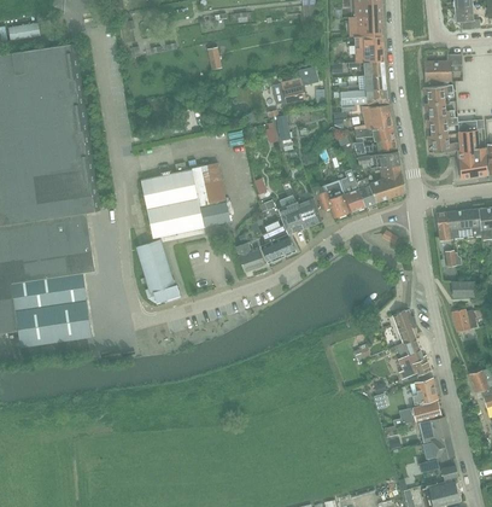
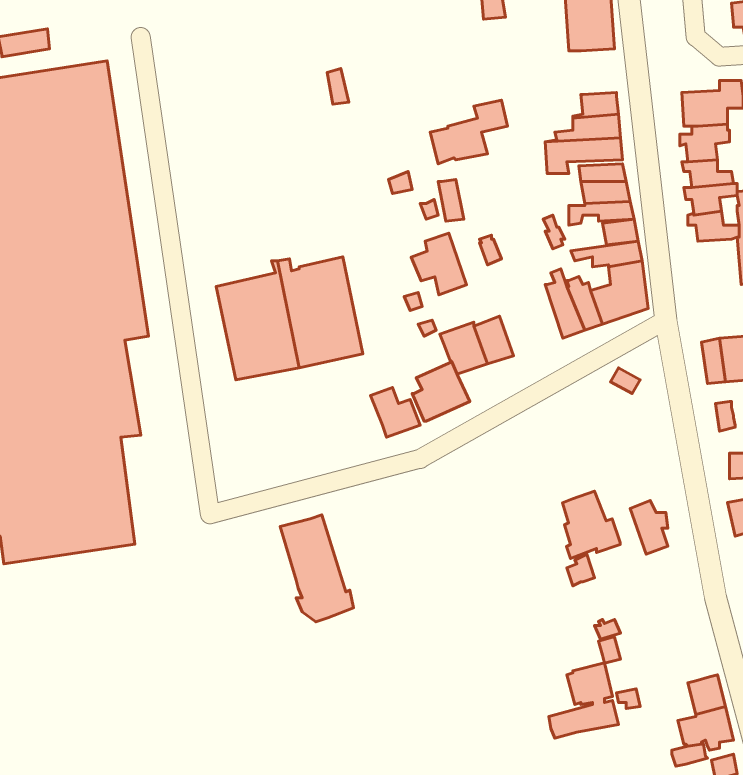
building: [357,35,385,63] -> none
building: [317,180,351,217] -> [411,233,467,295]
building: [135,238,180,303] -> [280,515,354,622]
building: [397,338,432,379] -> [563,491,620,558]
building: [399,378,441,424] -> [549,663,618,738]

